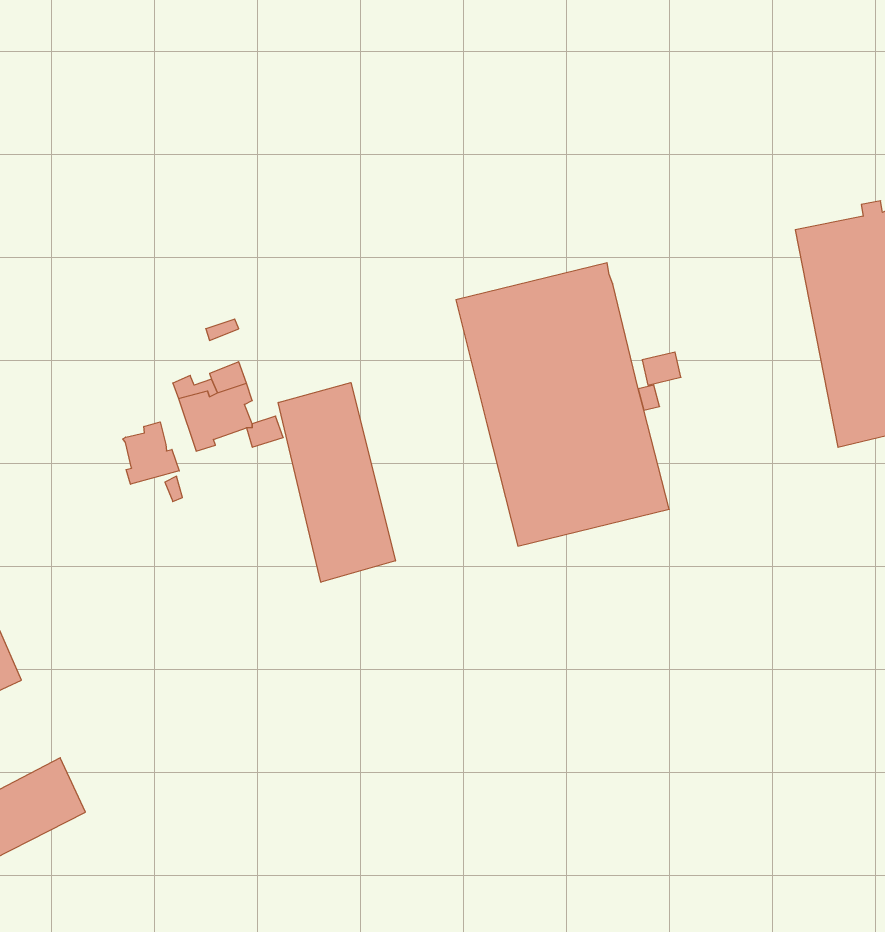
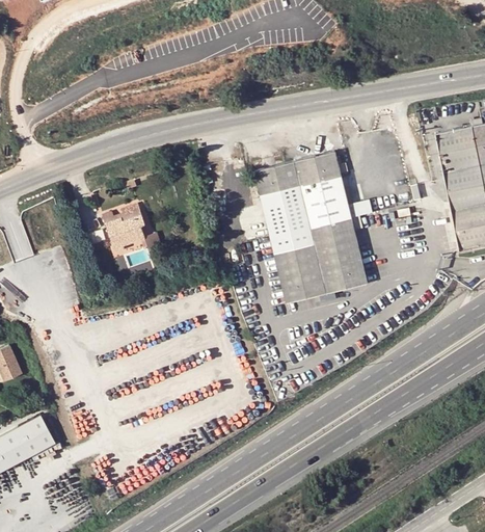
building: [278,383,395,582] -> none
building: [123,422,179,484] -> none

